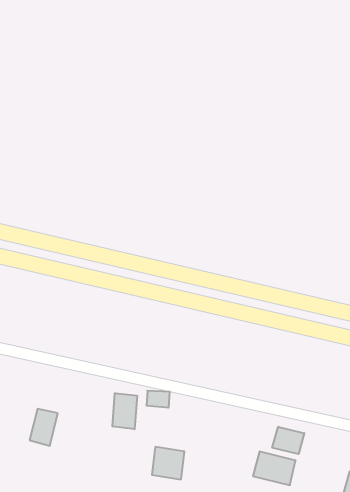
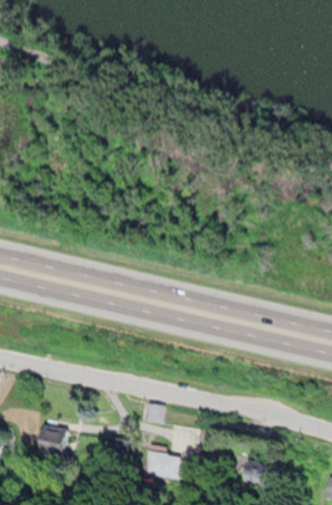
building: [113,393,137,429] -> none
building: [272,427,304,454] -> none

